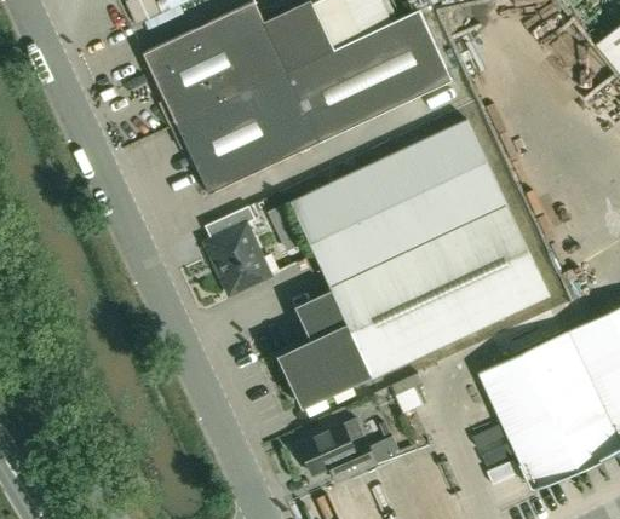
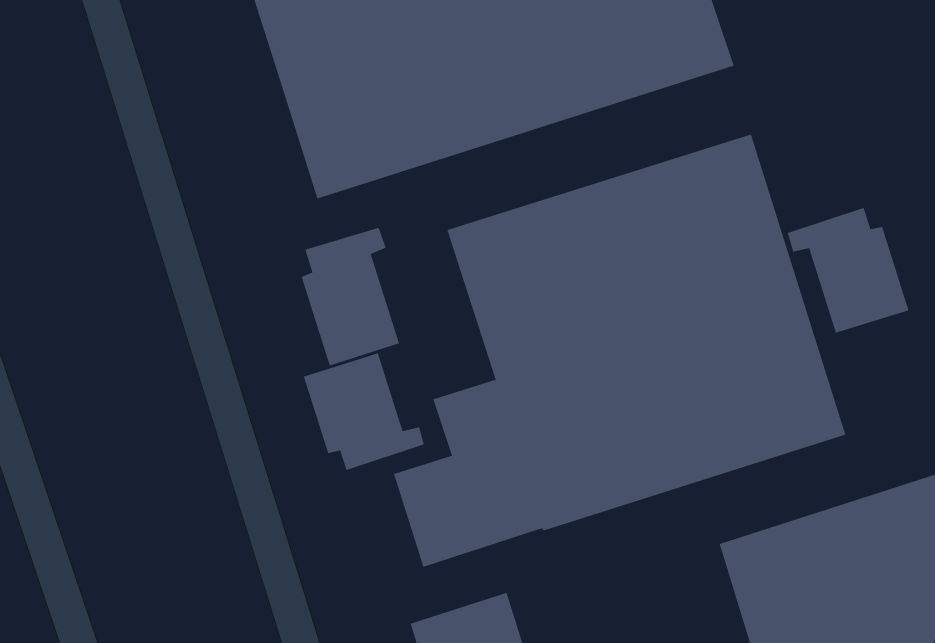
building: none -> [787,207,909,334]
building: none -> [303,353,425,471]

